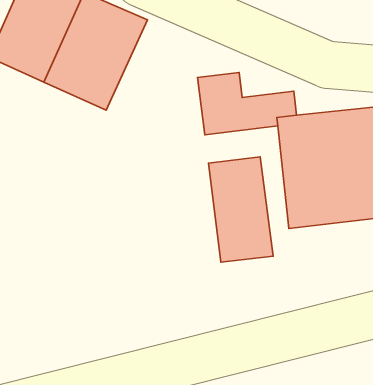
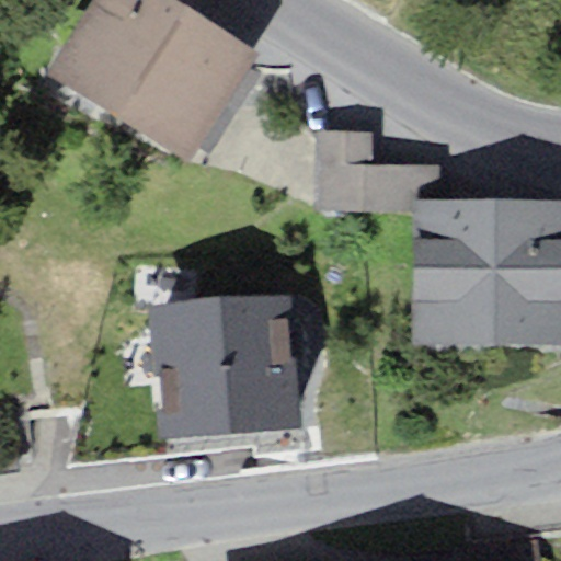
building: [209,157,273,262] -> none
building: none -> [151,298,300,442]

